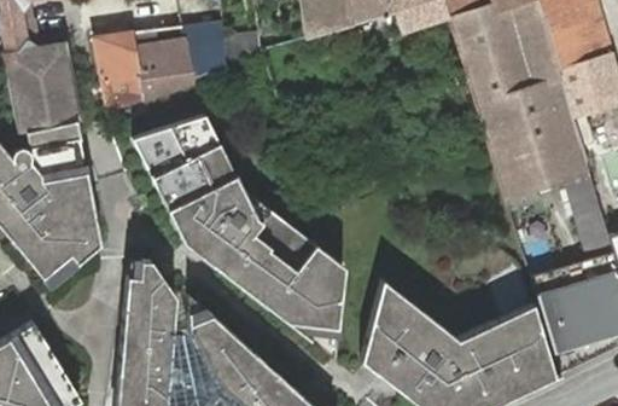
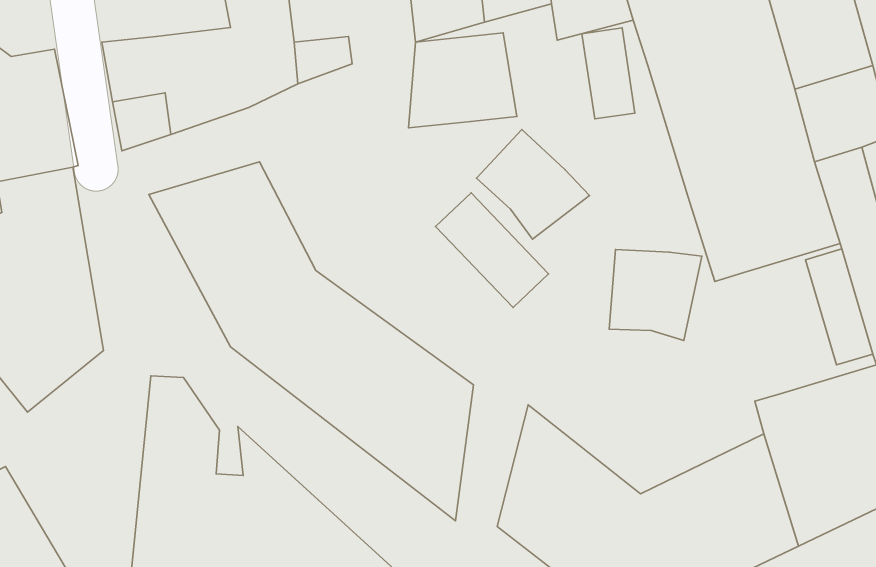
building: none -> [582,28,635,119]
building: none -> [408,33,517,128]
building: none -> [476,130,590,239]
building: none -> [436,193,549,307]
building: none -> [609,249,702,340]

